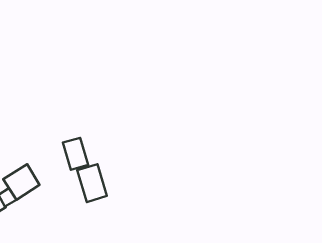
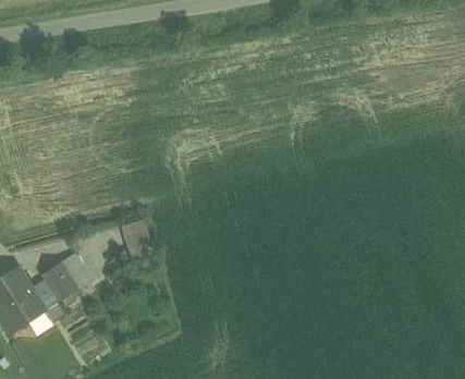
building: [77,164,107,202] -> none

